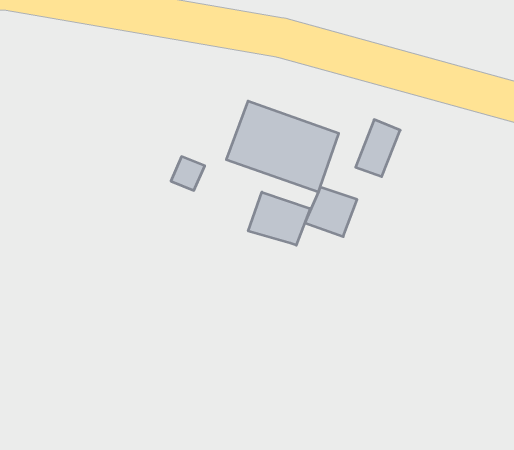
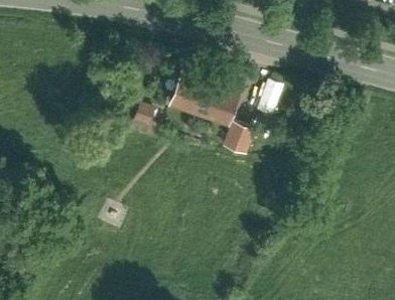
building: [248,192,310,245] -> none

